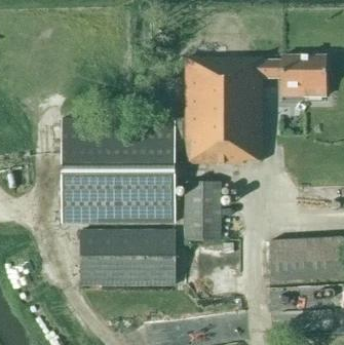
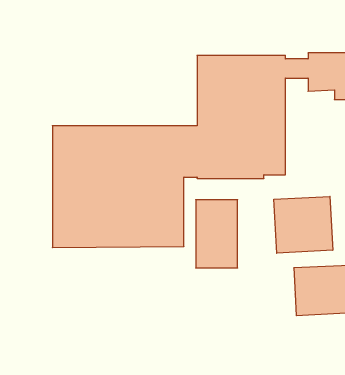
building: none -> [274,196,333,253]
building: [80,230,175,284] -> none

